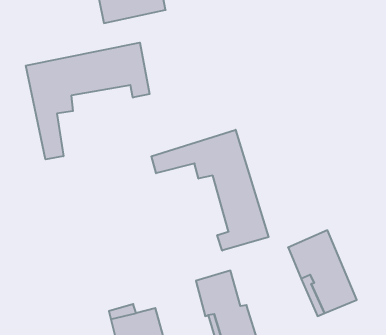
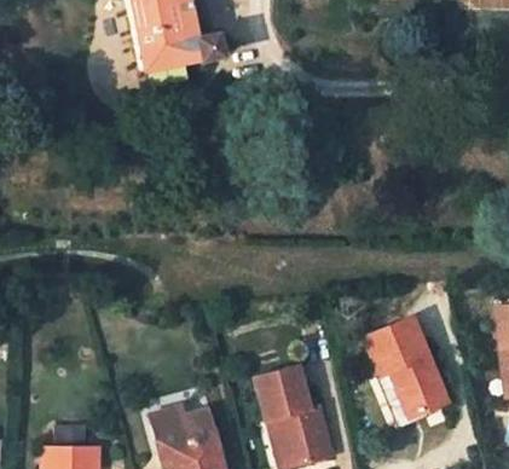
building: [26,43,150,159] -> none
building: [151,130,269,251] -> none

